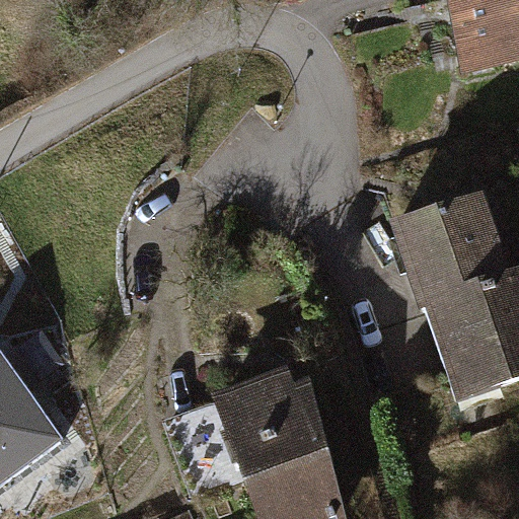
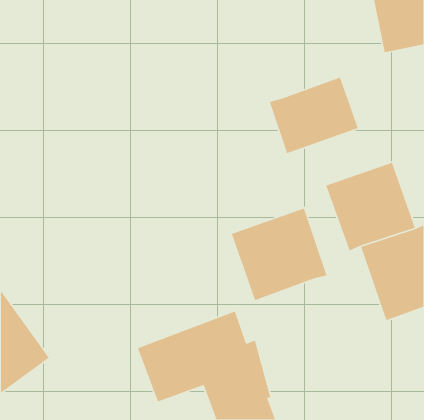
building: none -> [269,77,359,154]
building: none -> [231,207,327,301]

